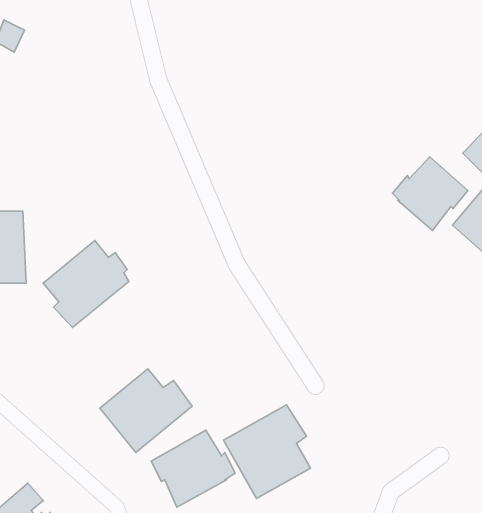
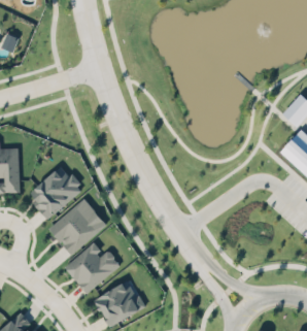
building: [393,157,468,231] -> none
building: none -> [45,194,105,252]
building: [223,405,310,498] -> none

